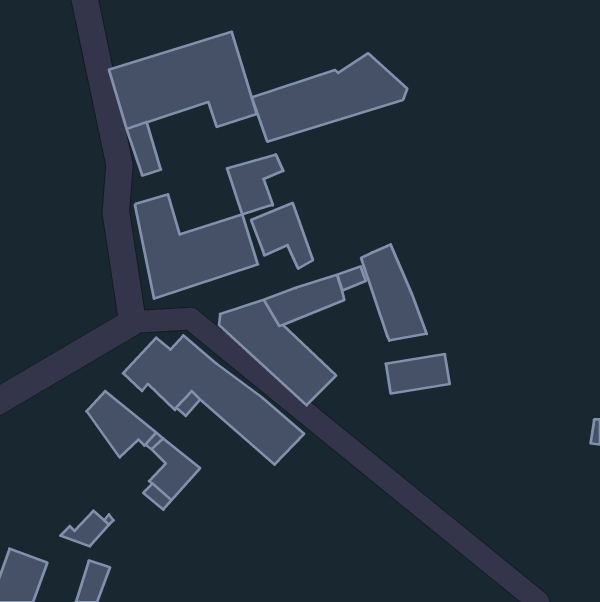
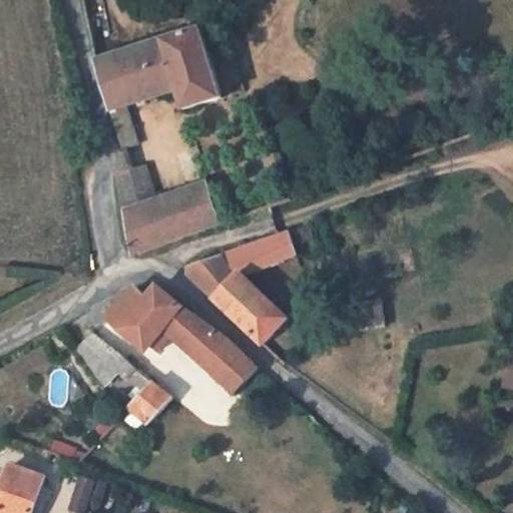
building: [252,53,407,142] -> none
building: [227,154,283,214] -> none
building: [251,203,313,269] -> none
building: [361,244,427,341] -> none

